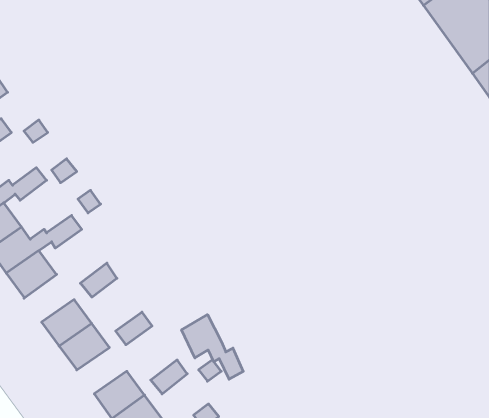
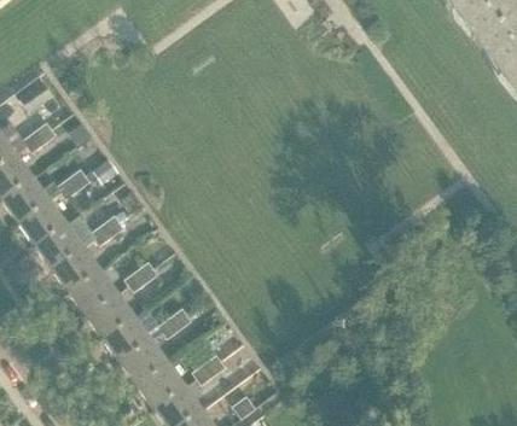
building: none -> [68,264,116,310]
building: [182,315,243,379] -> none
building: none -> [118,334,167,379]

